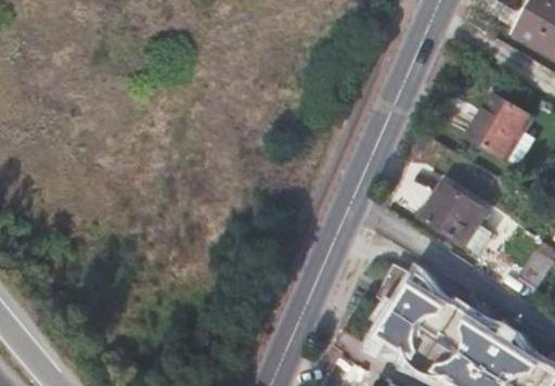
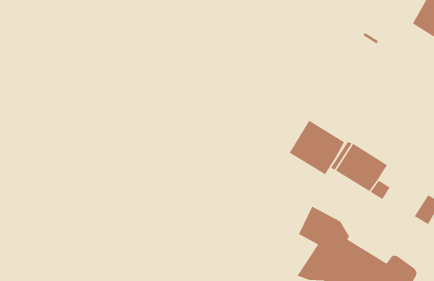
building: [472,95,537,162] -> none
building: none -> [289,120,345,175]

